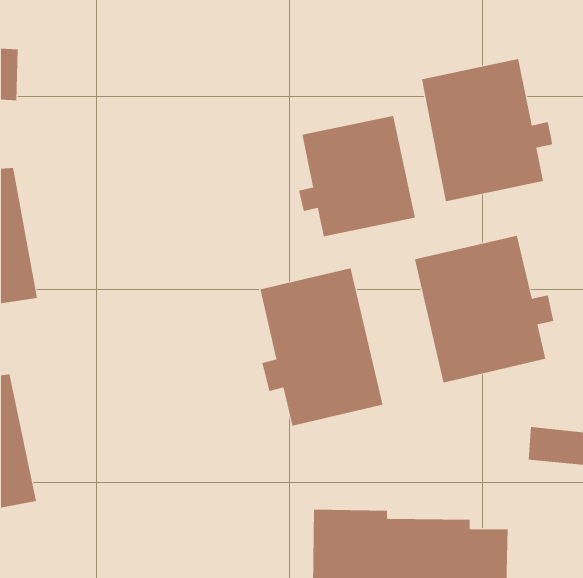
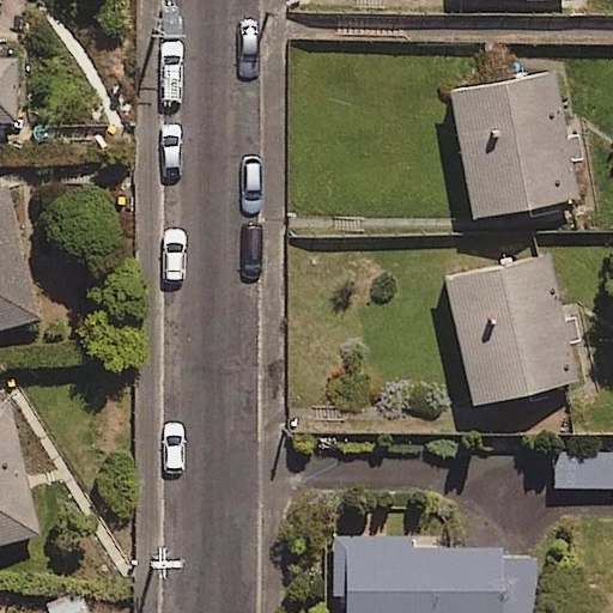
building: [298,115,415,237] -> none
building: [260,267,383,426] -> none

